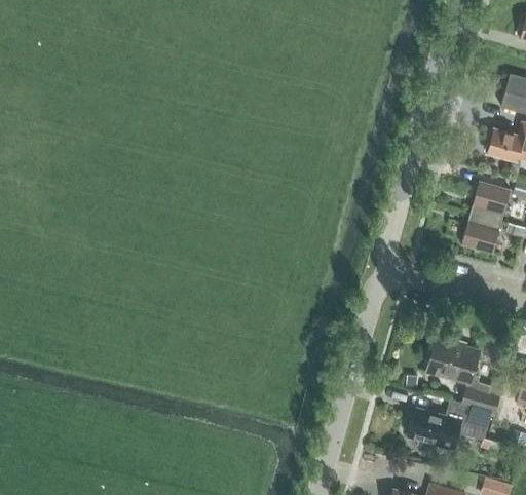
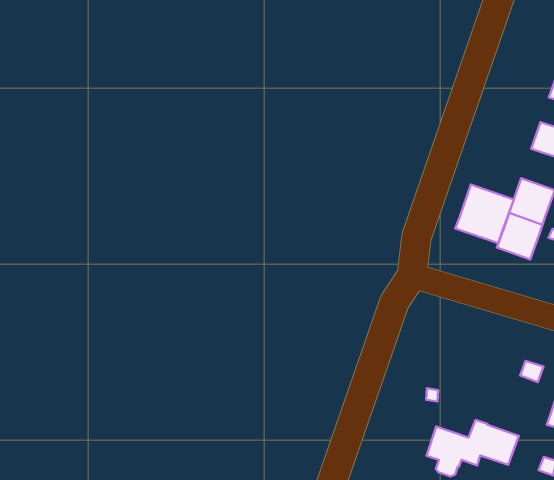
building: none -> [455,185,514,243]
building: [428,338,504,413] -> none

